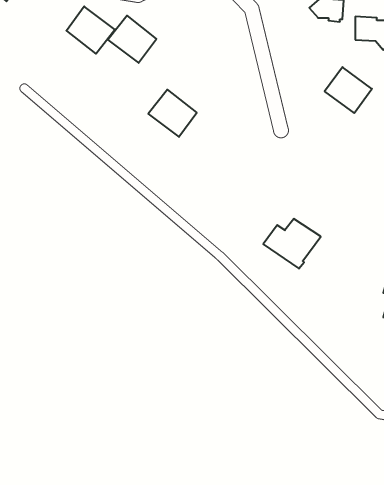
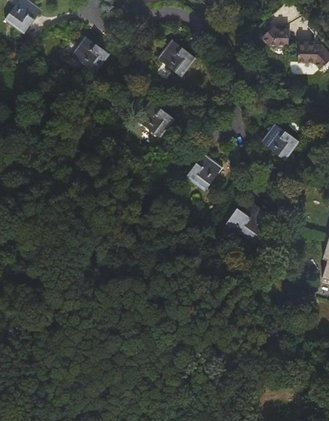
building: [108,16,156,63] -> [158,40,196,77]
building: [325,67,372,113] -> [262,123,299,159]
building: none -> [187,153,223,190]

